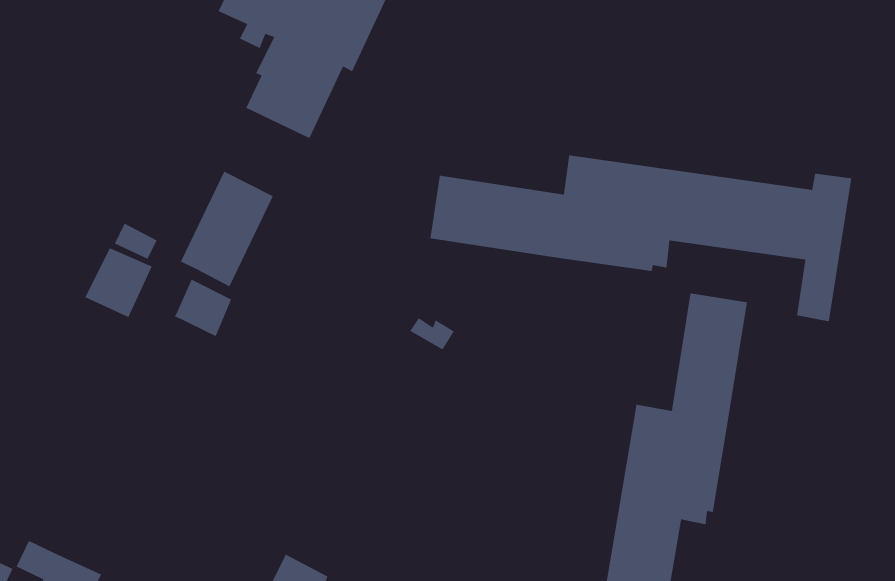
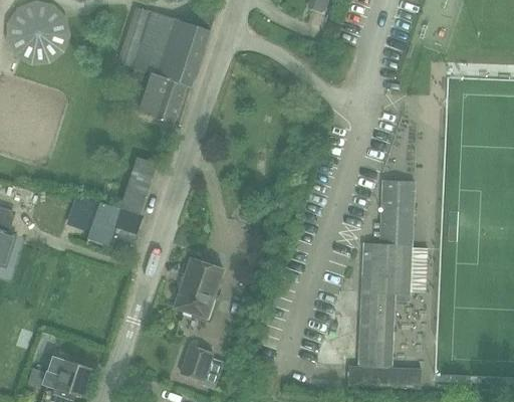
building: [429,154,852,322] -> none
building: none -> [85,200,119,249]
building: none -> [173,258,224,320]

